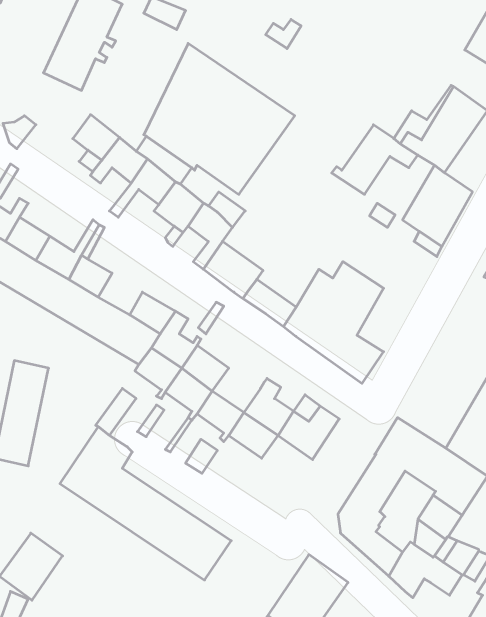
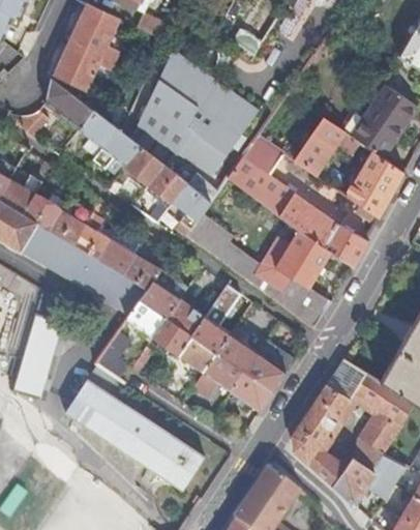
building: none -> [47,78,92,129]
building: none -> [227,135,368,267]
building: none -> [98,229,141,273]
building: none -> [191,285,241,353]
building: none -> [232,372,273,411]

